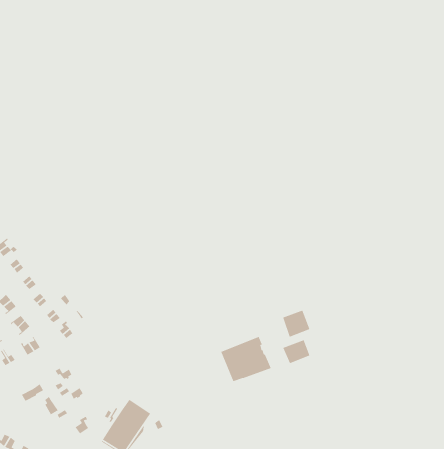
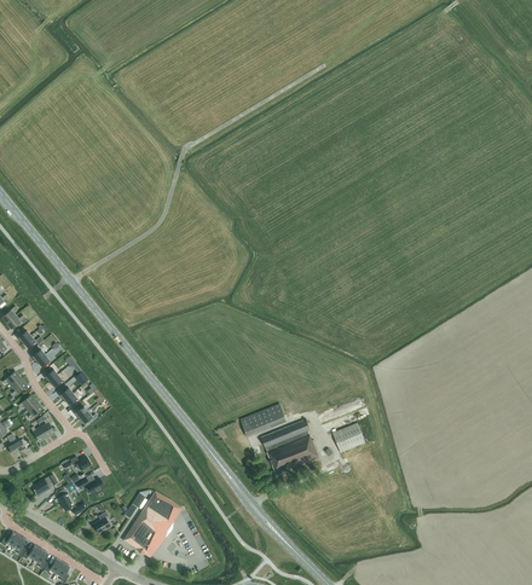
building: [282,310,311,338] -> none
building: none -> [242,404,288,436]

